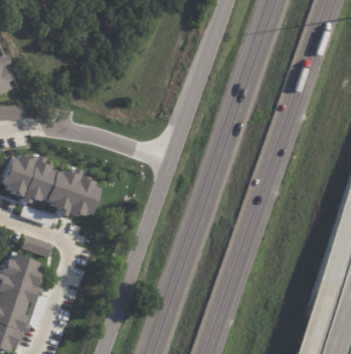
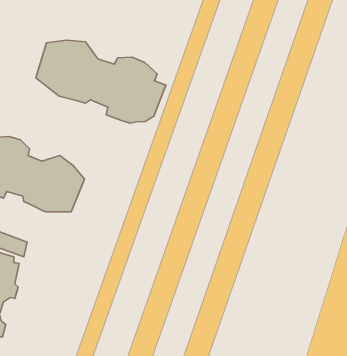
building: none -> [36,40,166,123]

